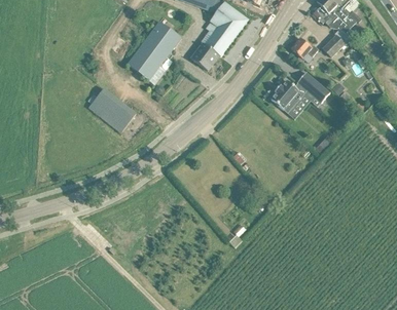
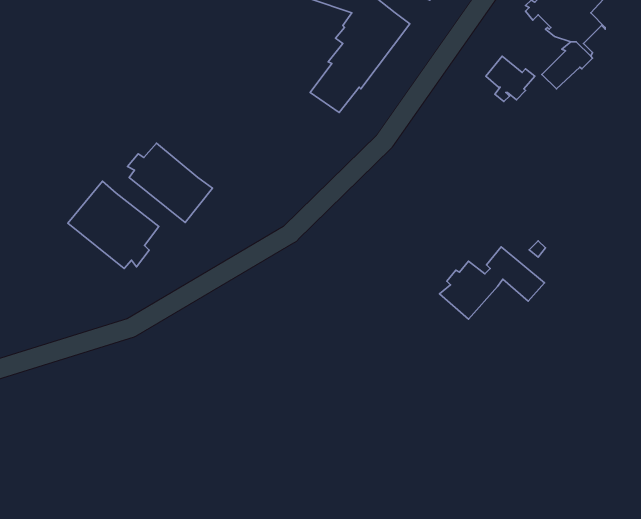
building: [127,22,181,80] -> none
building: [270,71,330,112] -> [440,247,545,319]
building: none -> [68,181,159,269]

